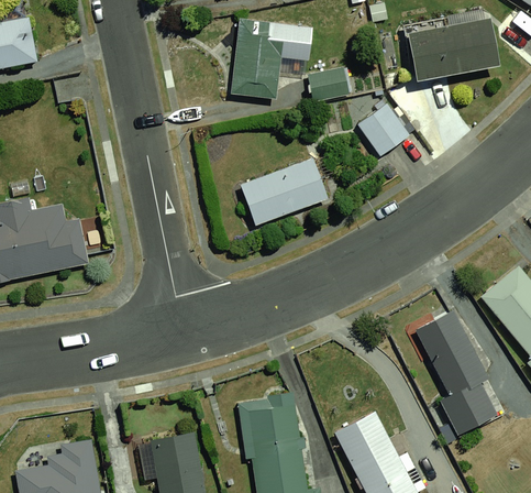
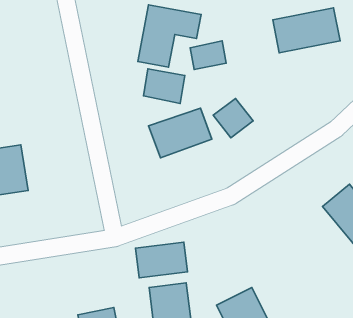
building: [358,102,413,156] -> [213,98,253,138]
building: none -> [143,69,185,104]
building: [411,307,512,438] -> none
building: none -> [135,242,188,278]

